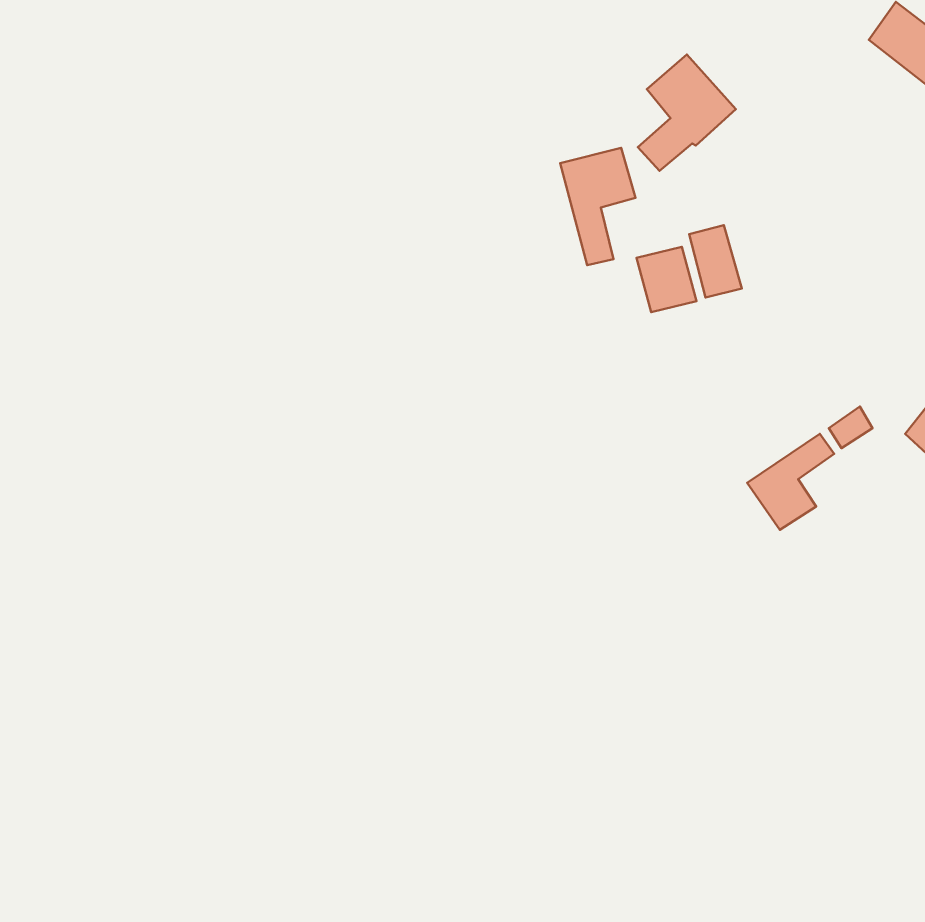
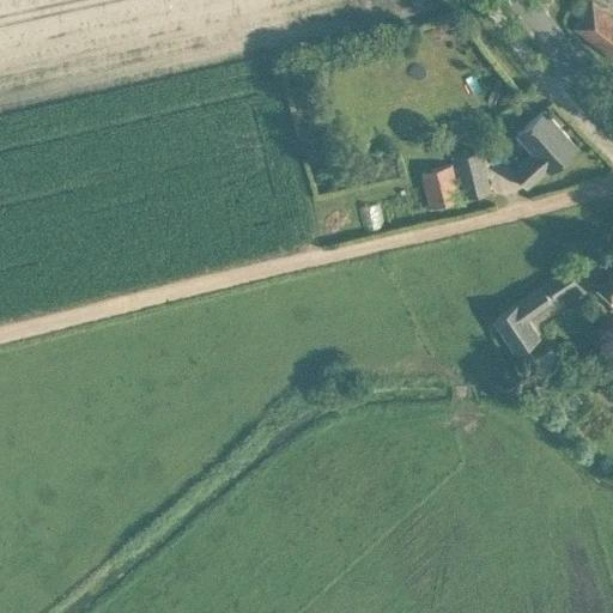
building: [638,55,736,171] -> [512,113,577,189]
building: [560,148,635,265] -> none

